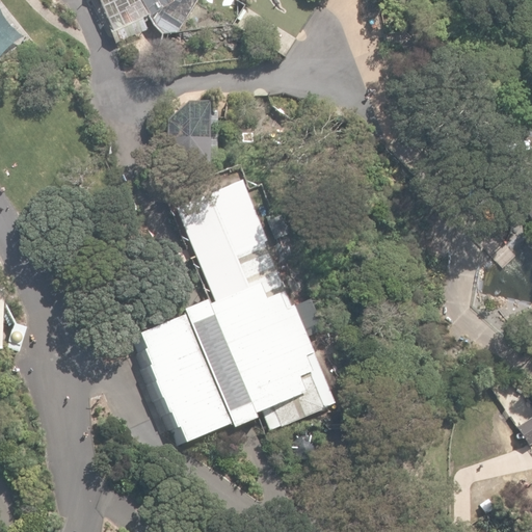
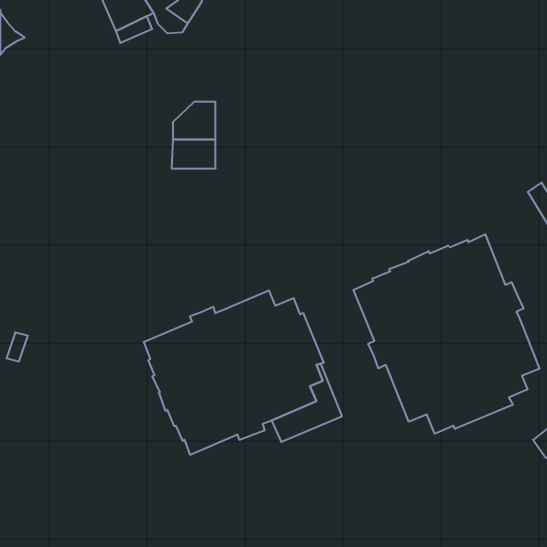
building: [181,181,286,299] -> none
building: none -> [354,234,540,434]

